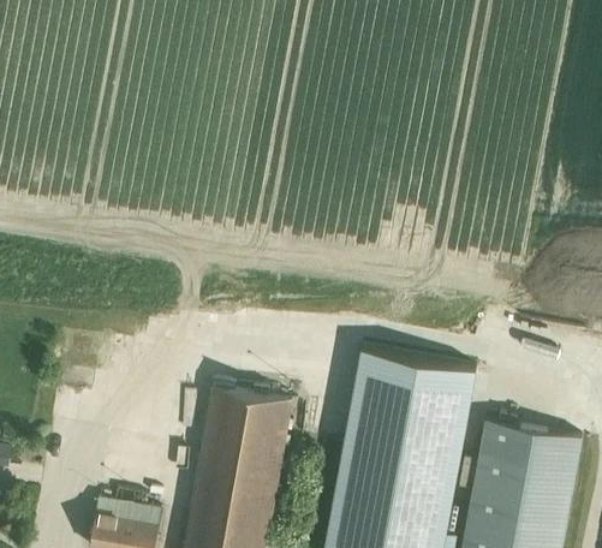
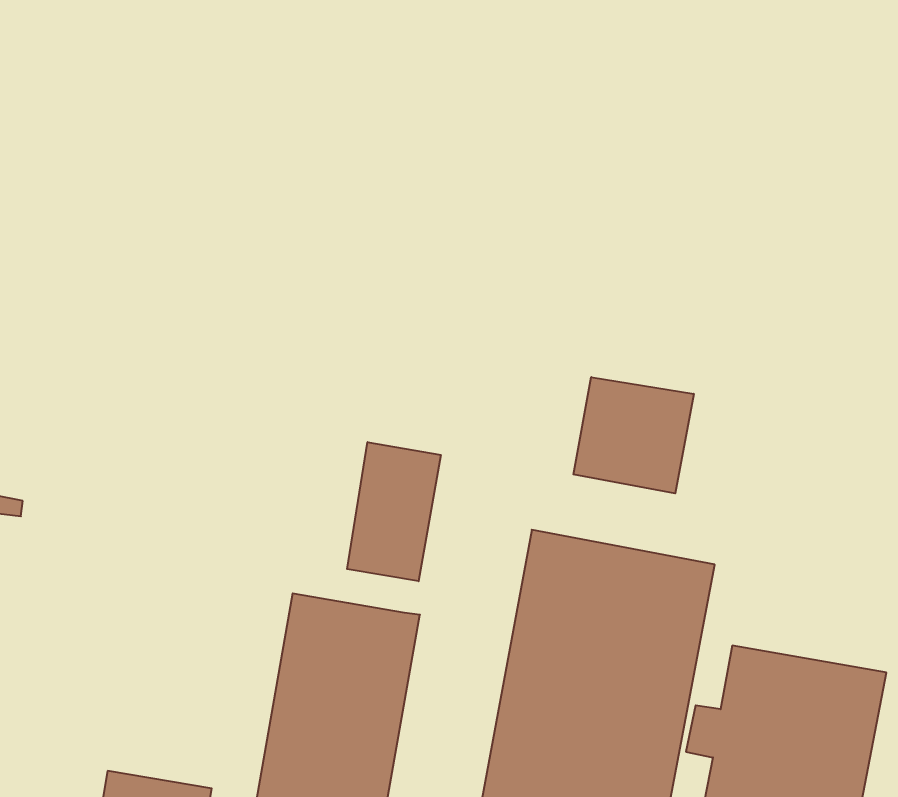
building: none -> [573,377,694,493]
building: none -> [347,442,441,581]

